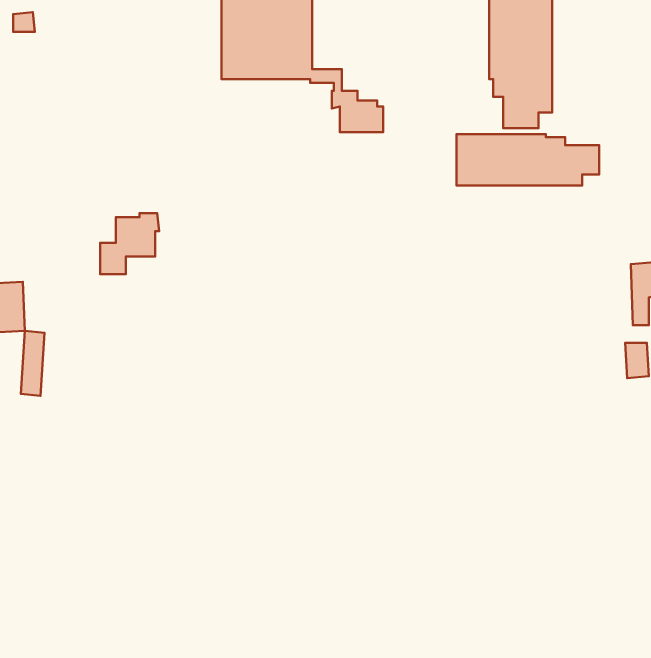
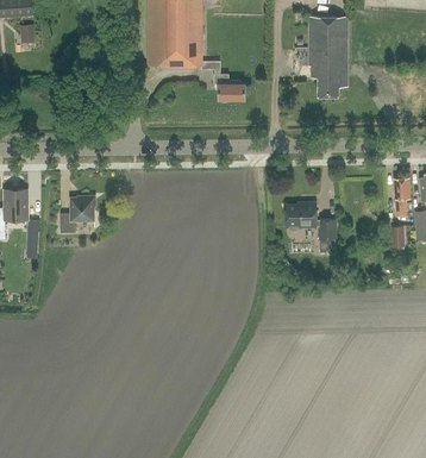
building: [456,134,599,186] -> none
building: [100,213,159,274] -> [61,195,96,232]
building: none -> [286,202,336,252]

